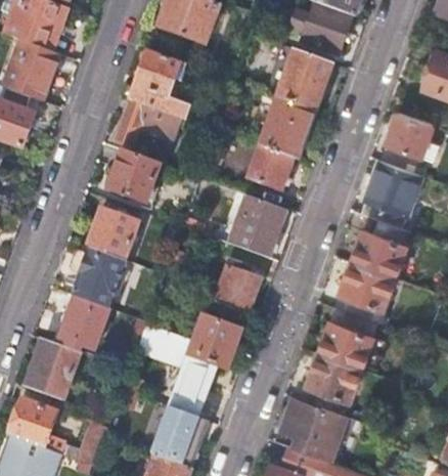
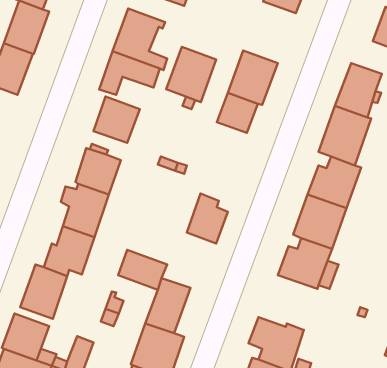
building: [277,50,333,113] -> [166,47,216,102]
building: [229,196,284,258] -> none
building: [185,311,244,371] -> none
building: [305,352,361,414] -> none

